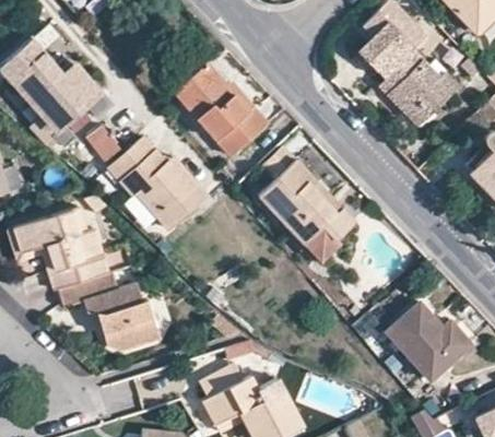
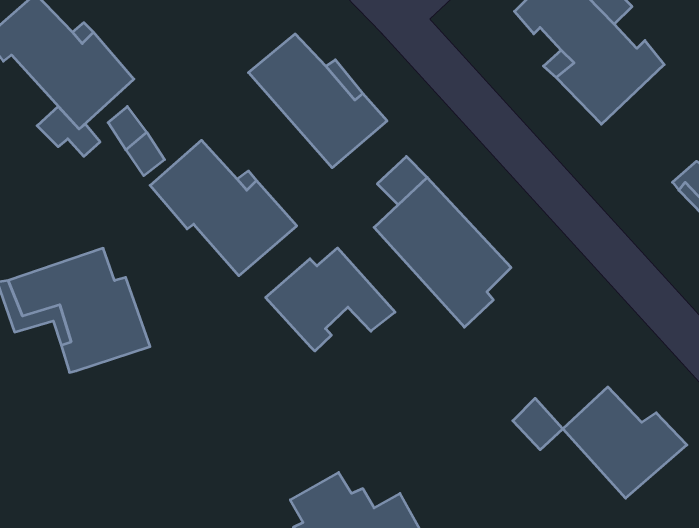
building: none -> [266,248,395,351]
building: [59,275,157,356] -> none

